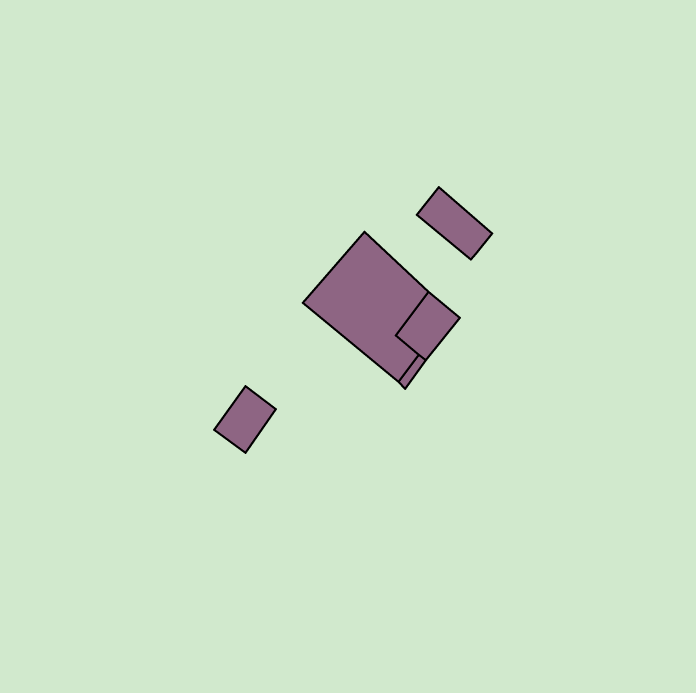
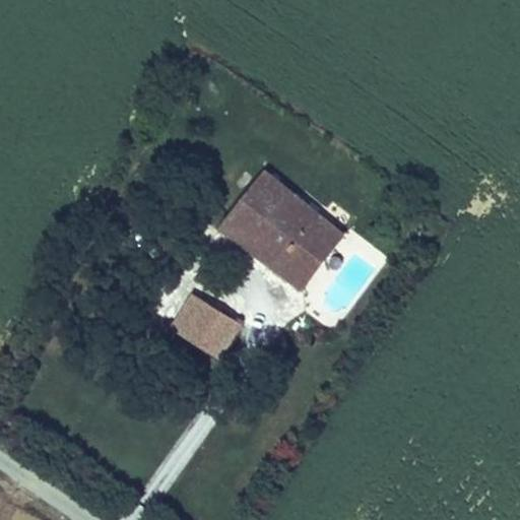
building: [417,187,492,260] -> none
building: none -> [183,303,238,369]

